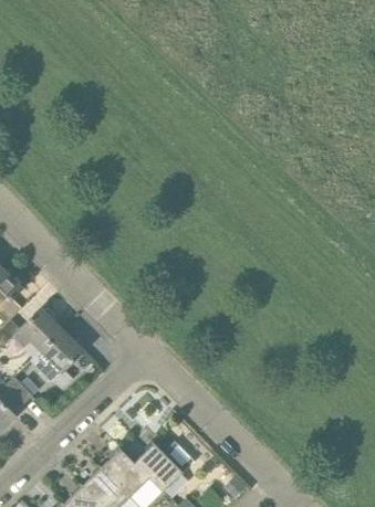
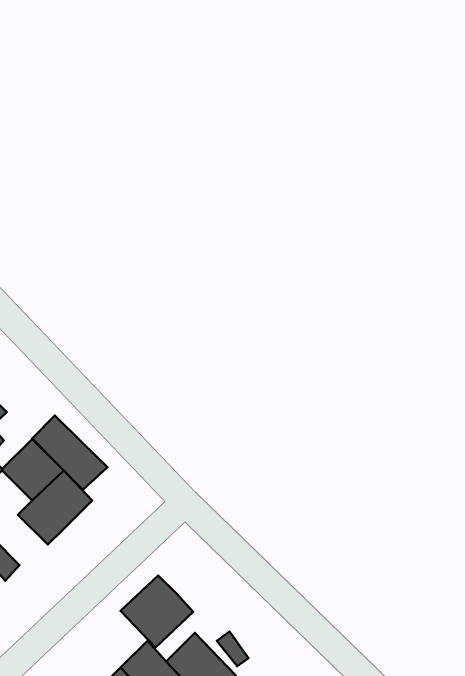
building: none -> [32,415,107,490]
building: none -> [120,575,193,647]

